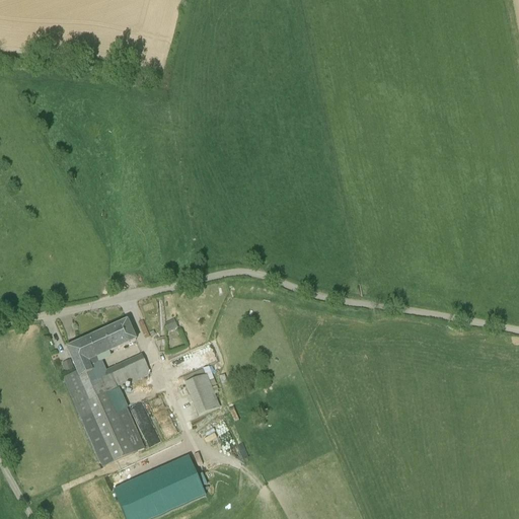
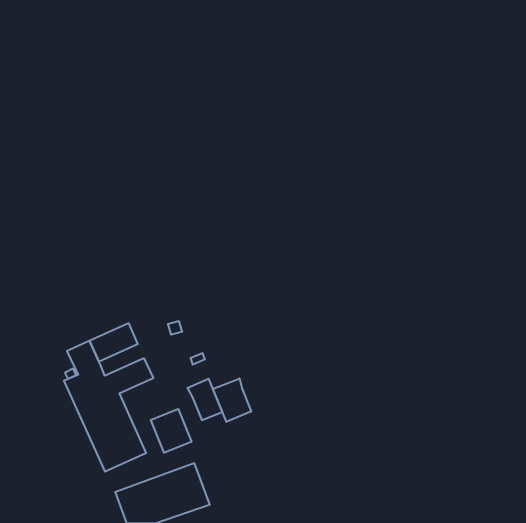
building: none -> [213,378,251,422]
building: none -> [151,409,191,453]

